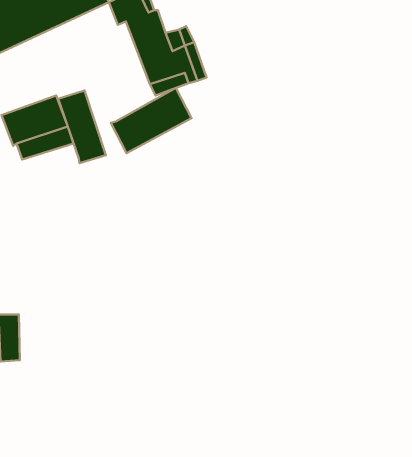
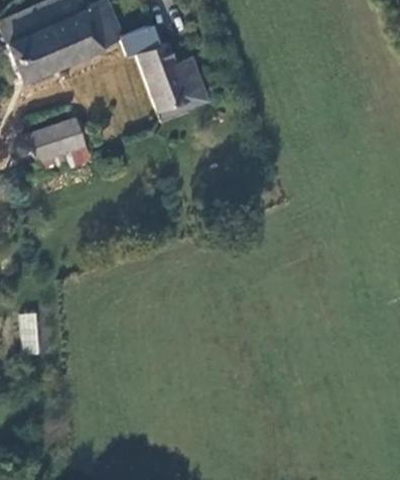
building: [111,88,191,153] -> none
building: [58,91,106,163] -> none

